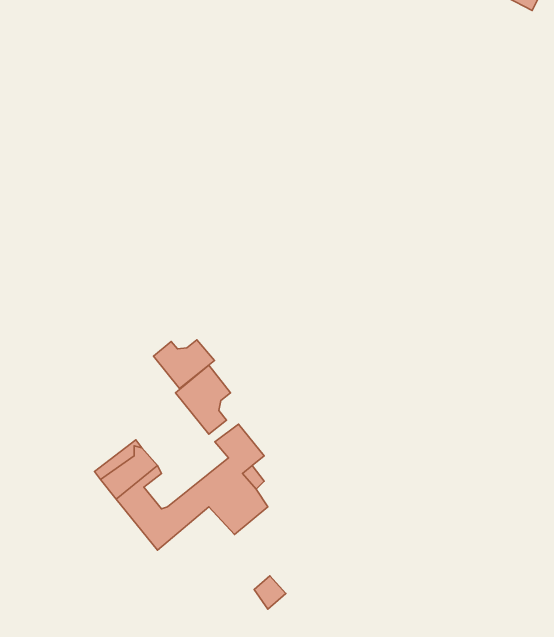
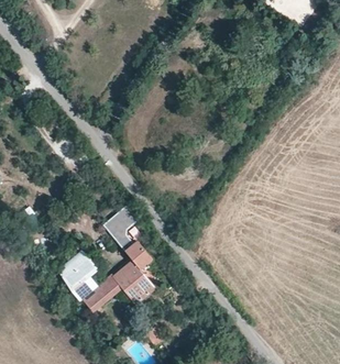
building: [153,340,214,388] -> none

